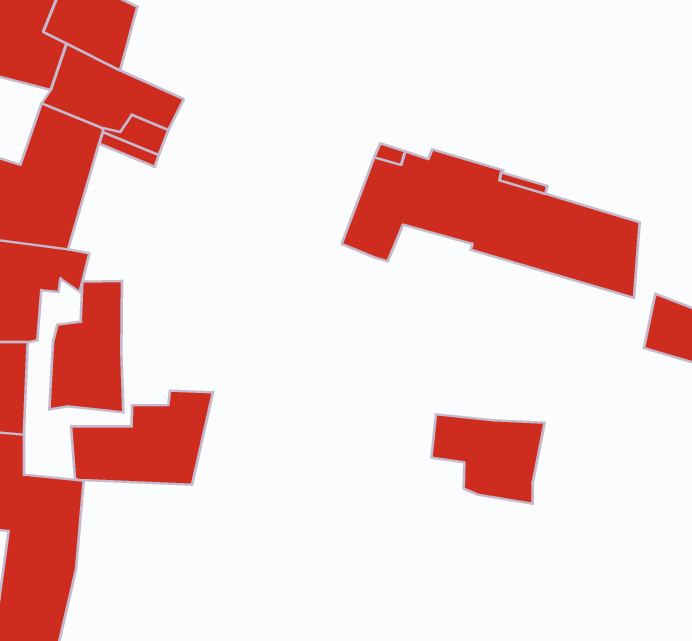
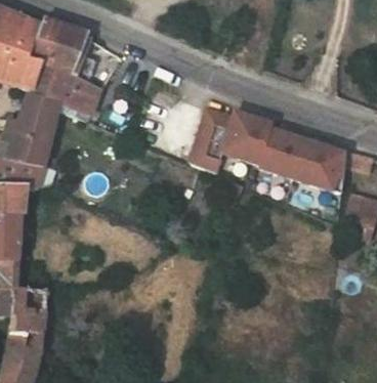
building: [49,281,123,413] -> none
building: [71,391,213,485] -> none
building: [432,414,544,504] -> none

